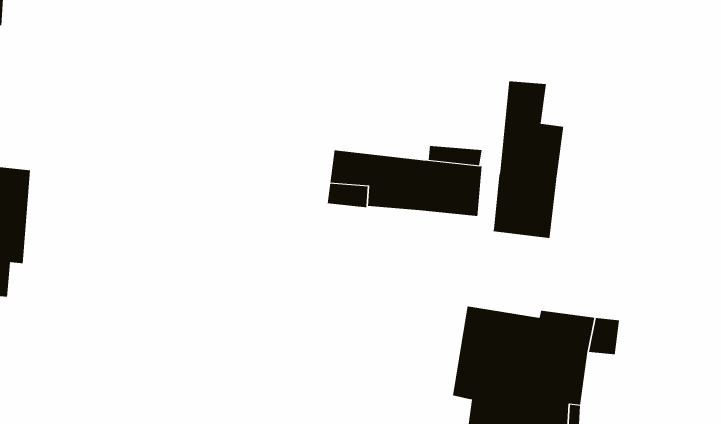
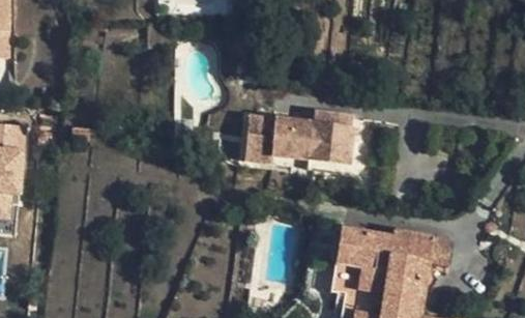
building: [493,80,564,239] -> none

